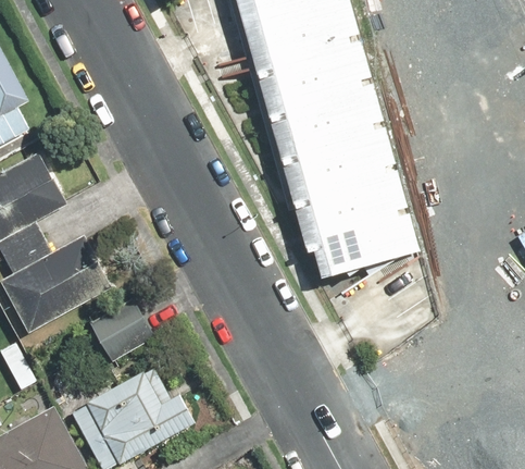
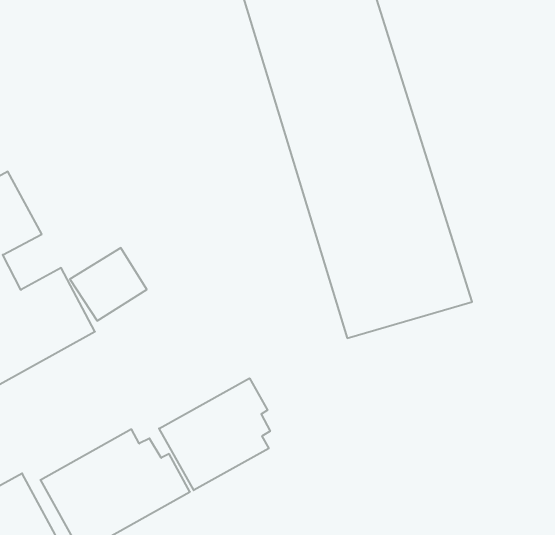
building: [88,299,152,360] -> [70,248,147,321]
building: none -> [159,378,270,490]

